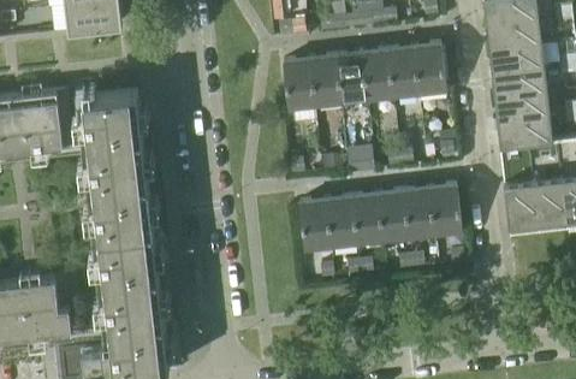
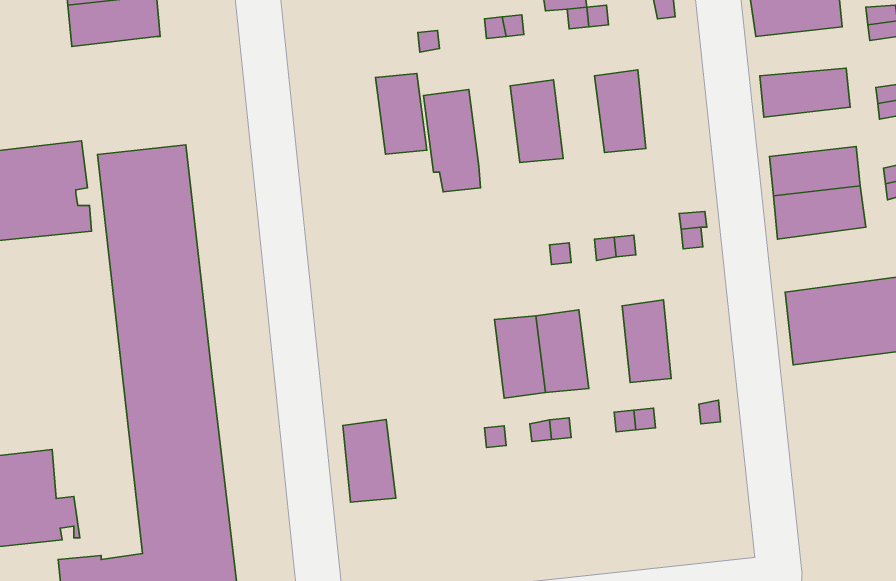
building: [486,20,541,51] -> none
building: [414,45,446,95] -> none
building: [362,51,393,101] -> none
building: [310,57,342,106] -> [376,74,427,154]
building: [491,70,547,100] -> none
building: [429,185,462,236] -> none
building: [378,191,409,242] -> none
building: [299,200,332,250] -> [343,419,396,502]

